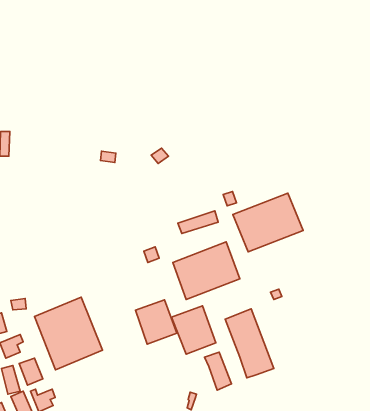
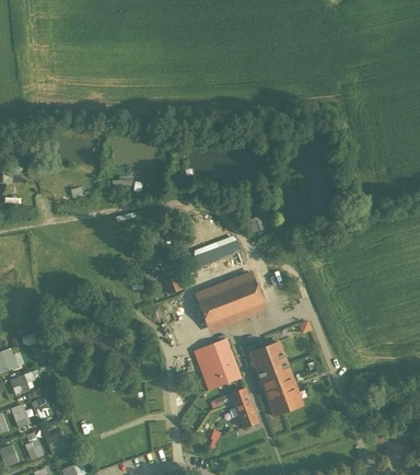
building: [233,193,303,252] -> none
building: [34,297,102,370] -> none
building: [136,300,177,344] -> none

